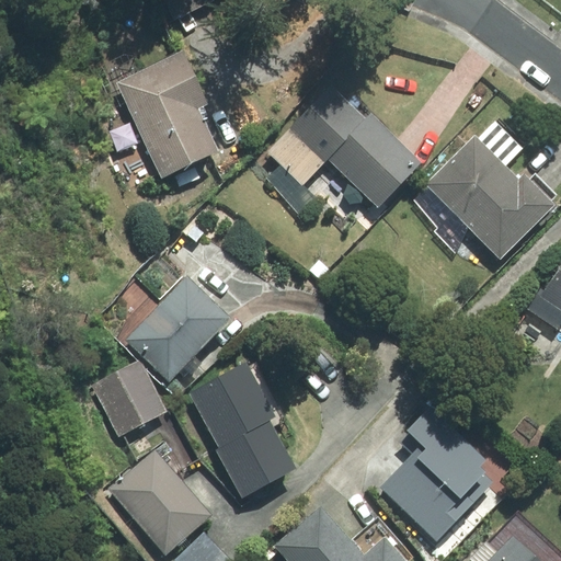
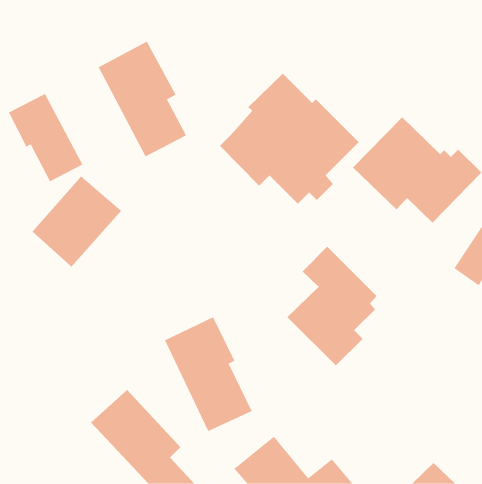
building: none -> [8,93,83,182]
building: [126,277,230,383] -> [32,176,122,268]
building: [96,365,167,438] -> none
building: [378,404,483,543] -> [287,246,378,366]

